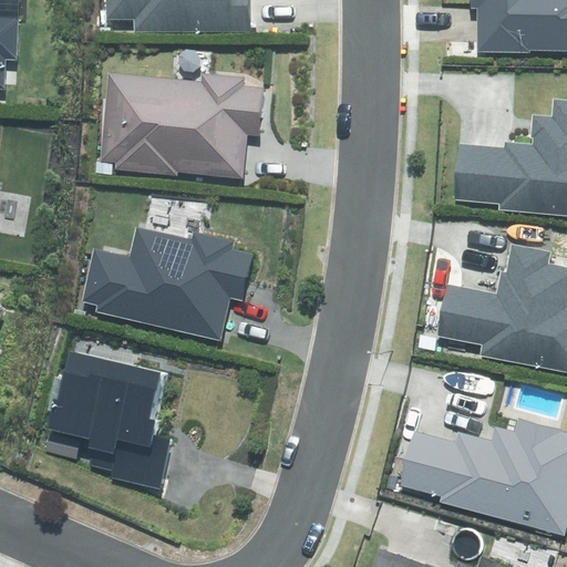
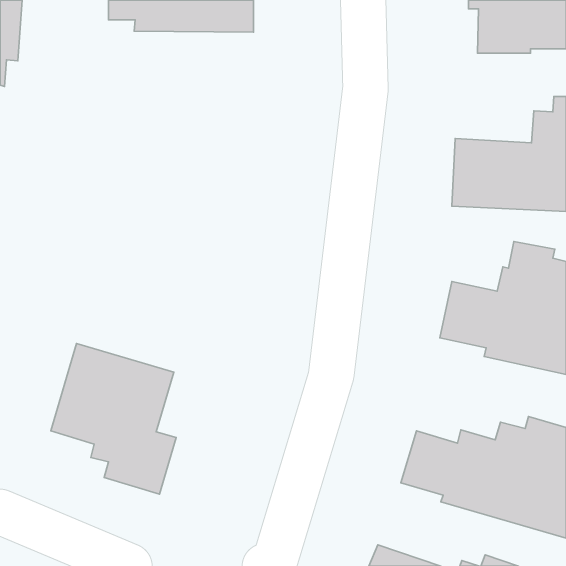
building: [96,73,266,178] -> none
building: [83,228,254,340] -> none

